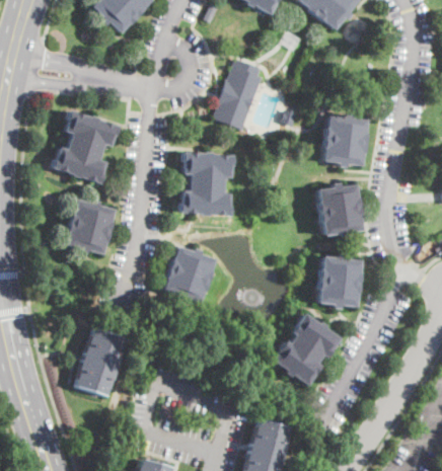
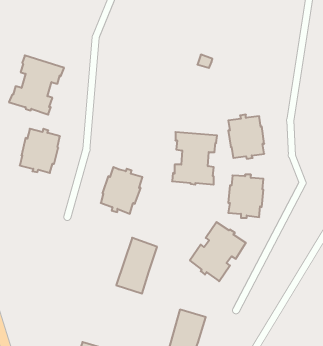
building: [215,66,265,130] -> none
building: [324,113,368,167] -> none
building: [179,152,234,216] -> [172,132,217,185]
building: [76,328,126,396] -> [116,238,157,294]

